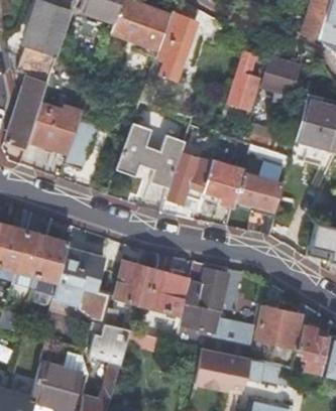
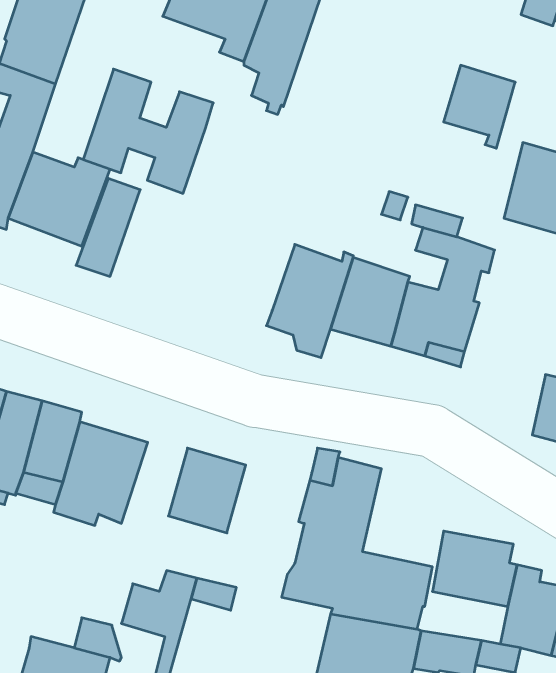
building: [226,52,259,113] -> none
building: [116,121,186,187] -> [83,69,213,193]
building: [145,270,188,315] -> none

